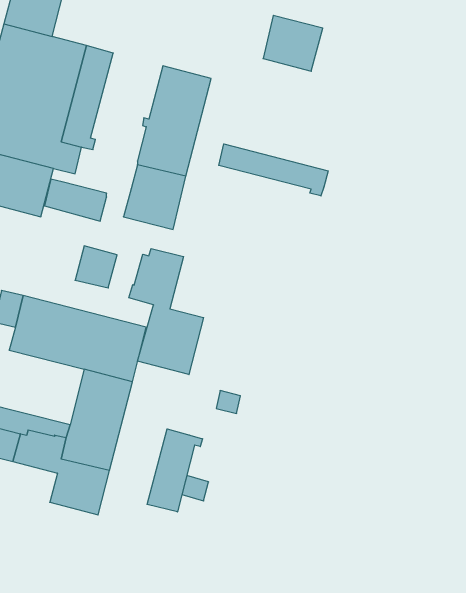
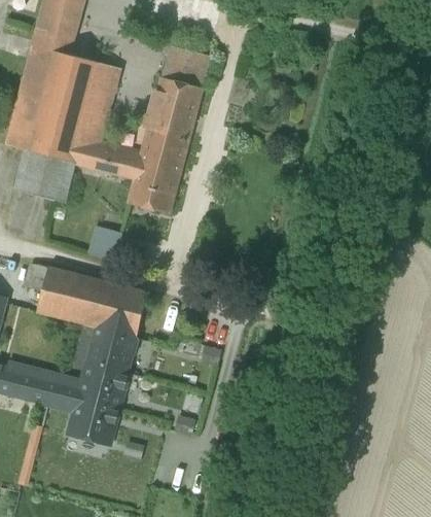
building: [263,15,323,71] -> [160,45,209,91]
building: [219,144,328,196] -> none
building: [44,179,107,221] -> [89,146,140,180]
building: [129,249,204,375] -> none
building: [147,429,203,512] -> none

